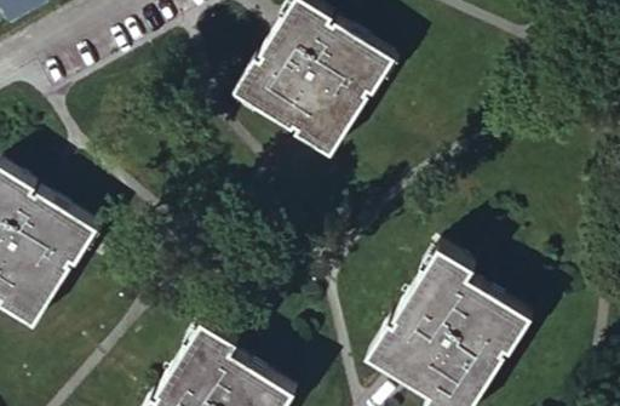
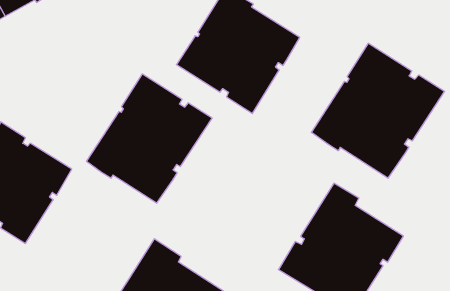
building: none -> [311,43,445,178]
building: none -> [87,74,212,203]

